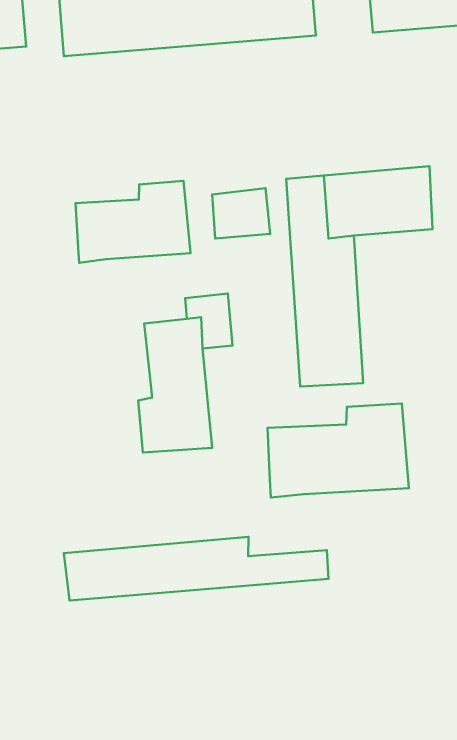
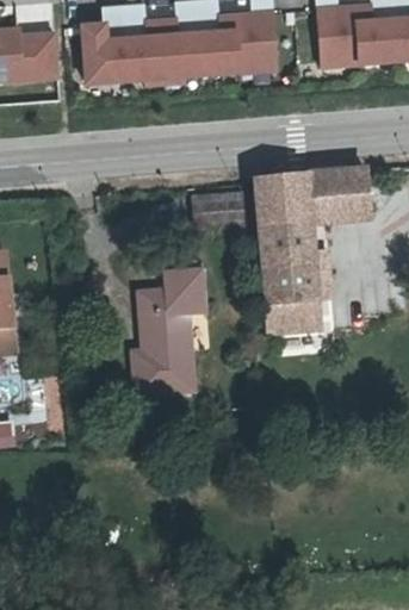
building: [75,181,191,263] -> none
building: [268,404,409,498] -> none
building: [64,537,329,601] -> none

